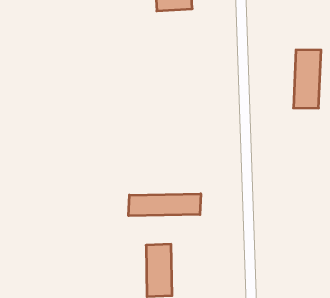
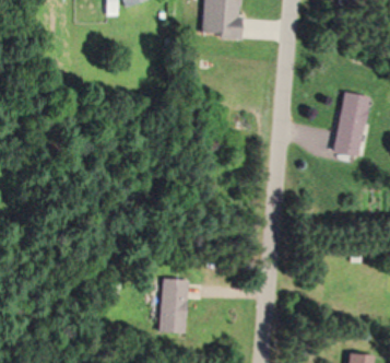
building: [129,194,201,216] -> none

